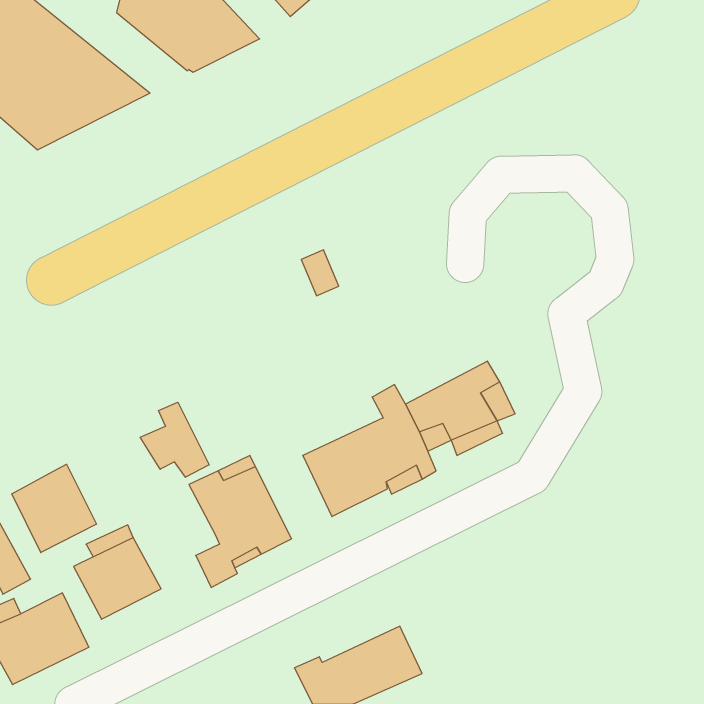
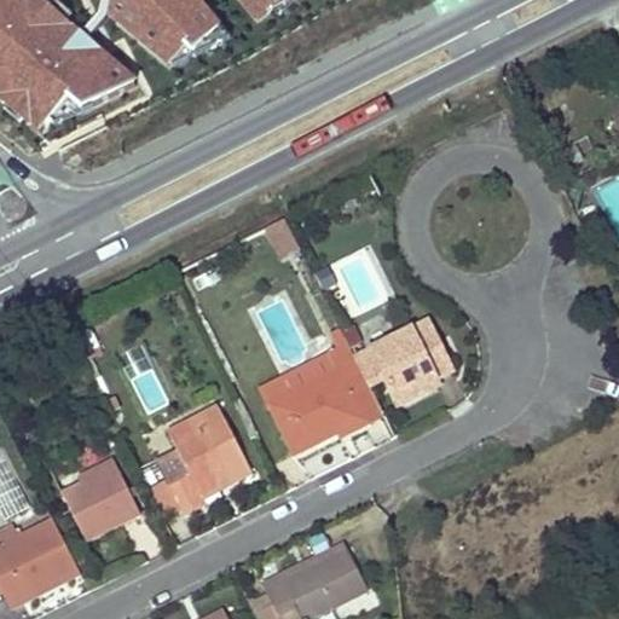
building: [140,402,209,477] -> none
building: [12,464,96,553] -> none

